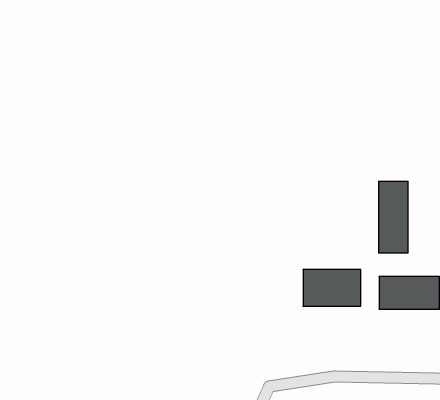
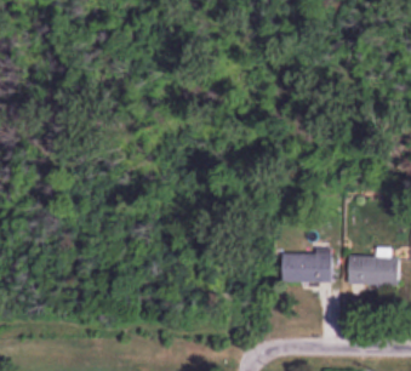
building: [379,181,408,253] -> none

